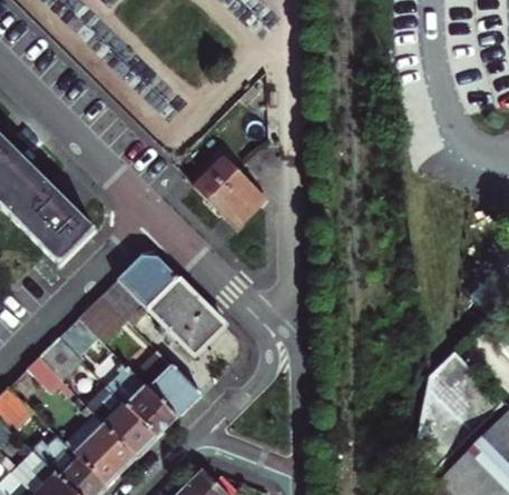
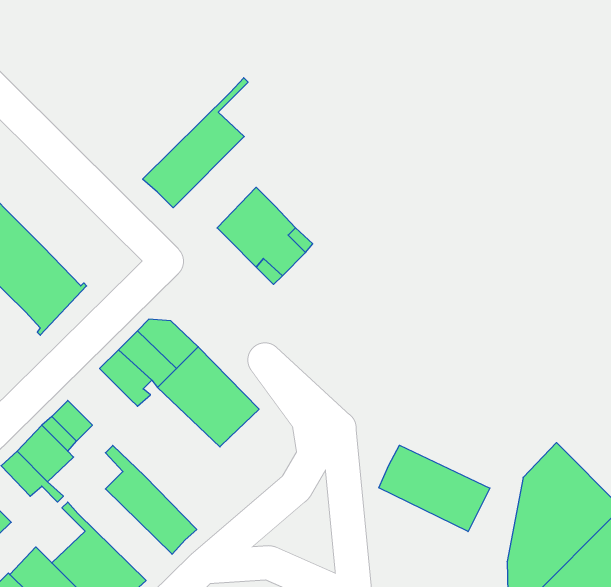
building: none -> [143,78,248,208]
building: [79,294,127,341] -> none
building: [138,352,203,417] -> none
building: none -> [379,445,490,532]
building: [87,385,159,456] -> none

